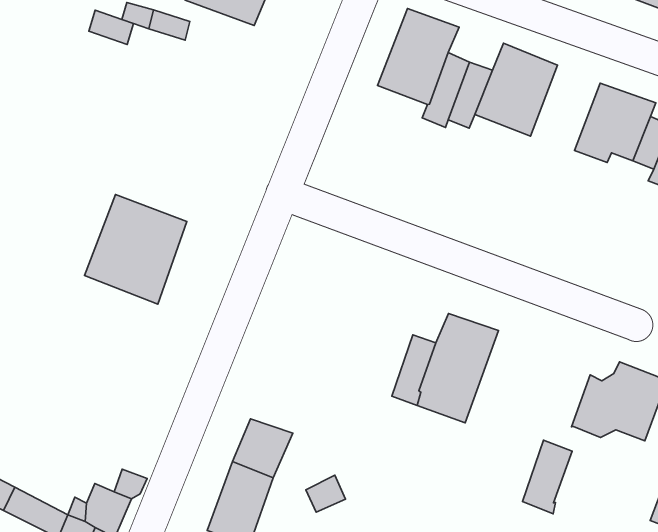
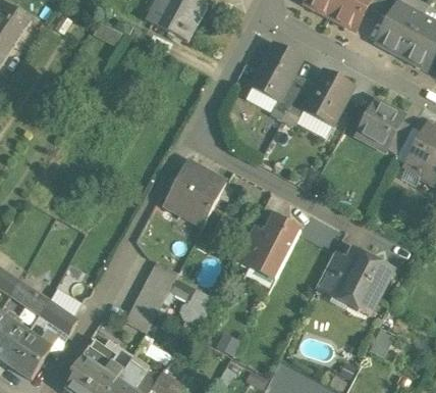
building: [85,195,187,304] -> [165,160,226,225]
building: [522,440,572,514] -> [317,253,348,295]

